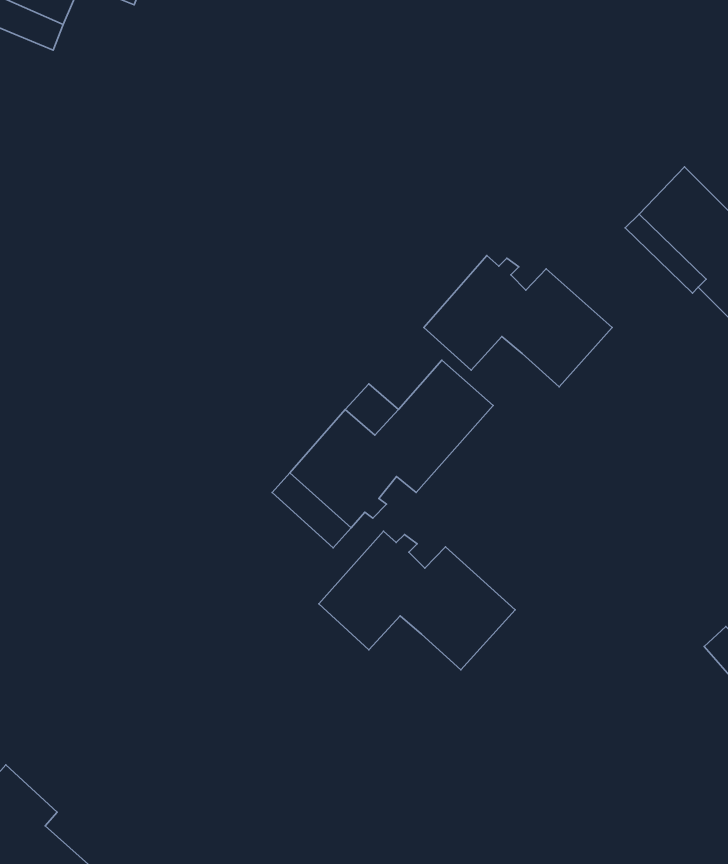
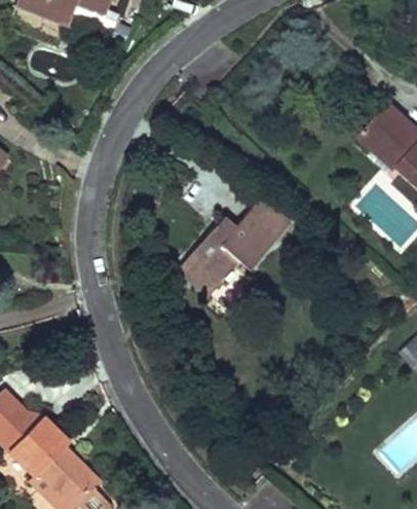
building: [424,255,612,387] -> none
building: [319,531,515,670] -> none

